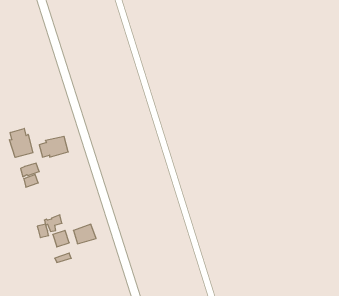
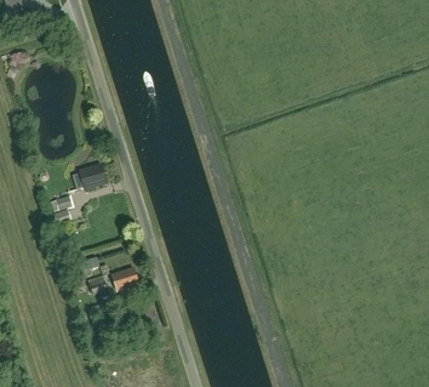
building: [9,128,33,157] -> none

